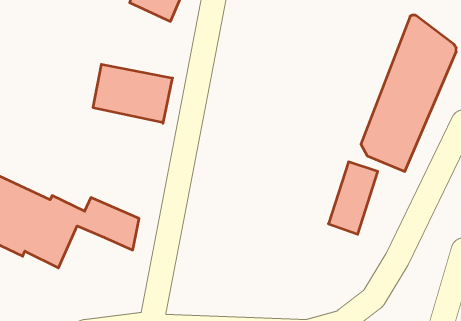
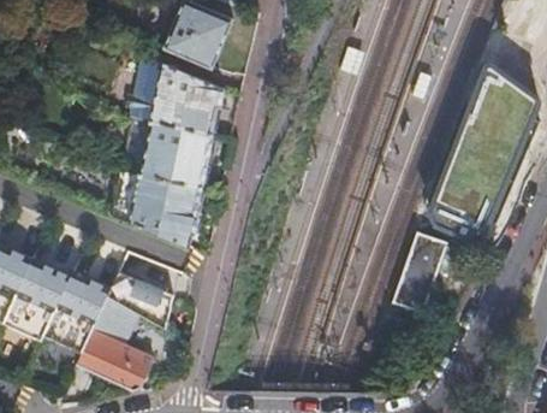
building: none -> [130,53,221,132]
building: none -> [109,166,201,246]
building: none -> [76,302,151,387]

